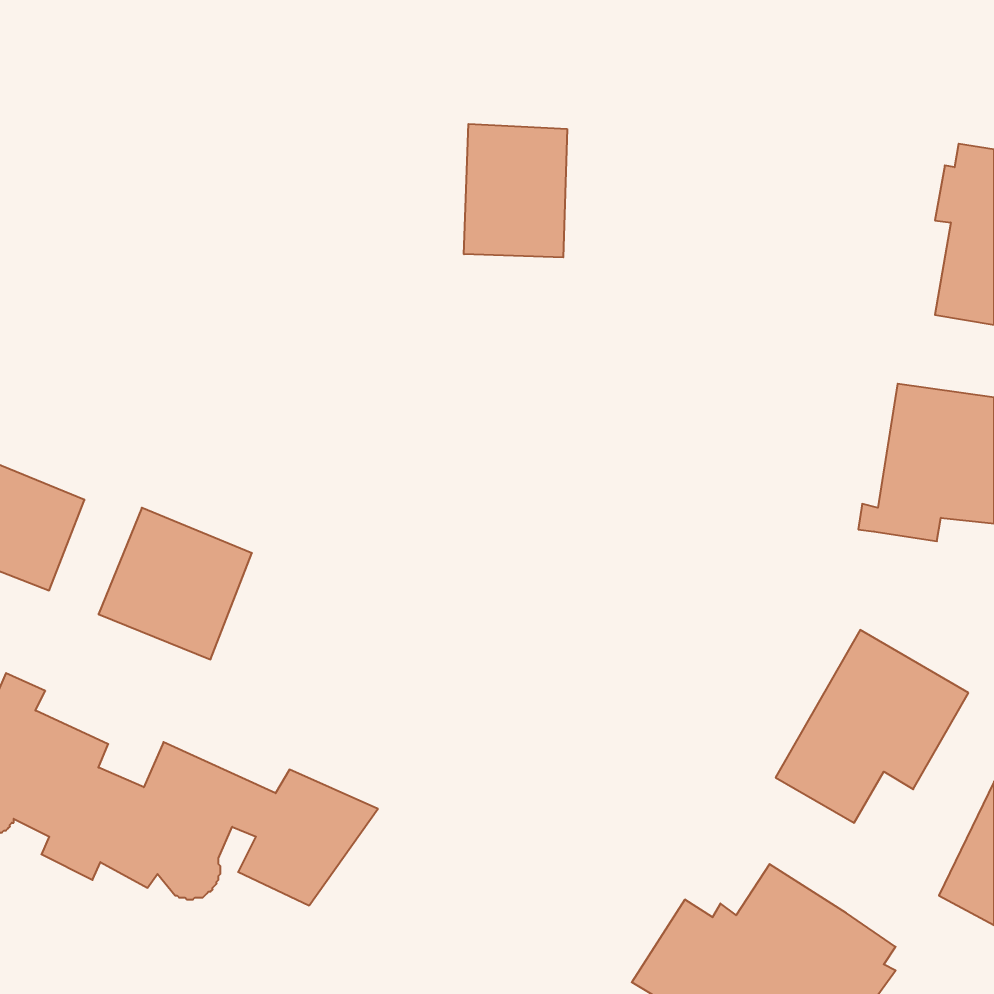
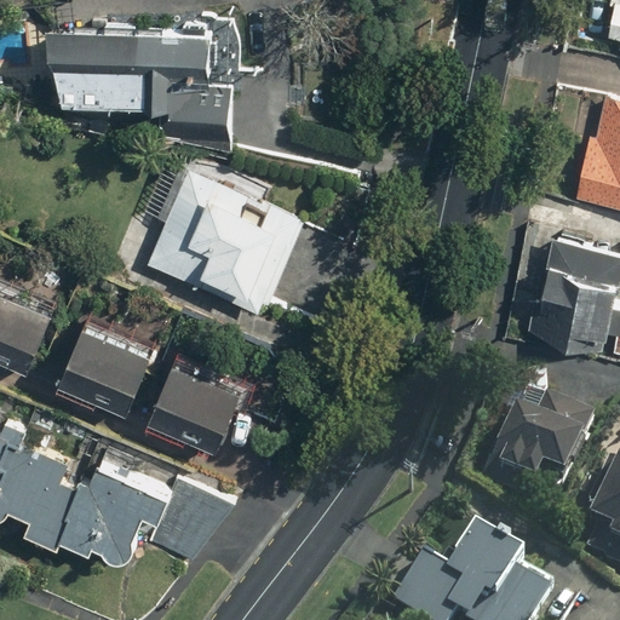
building: none -> [58,30,230,154]
building: [464,124,567,257] -> none
building: none -> [147,173,302,314]
building: none -> [151,358,242,449]

